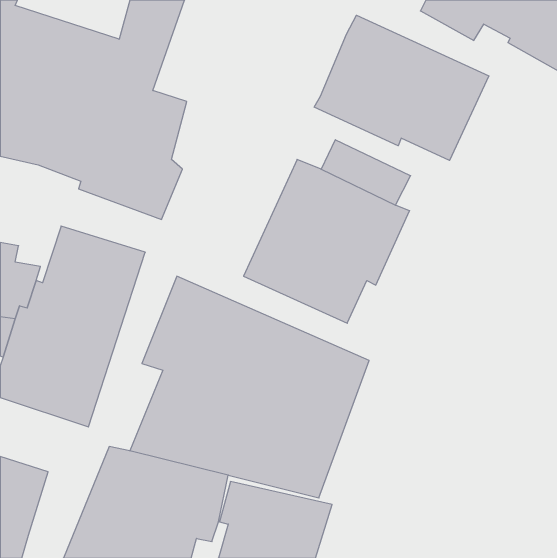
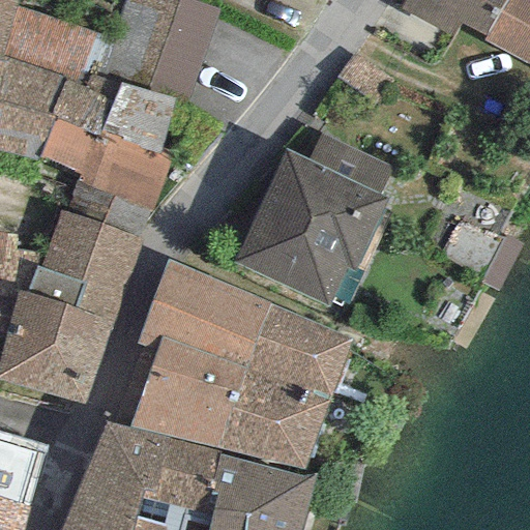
building: [314,15,489,160] -> none

